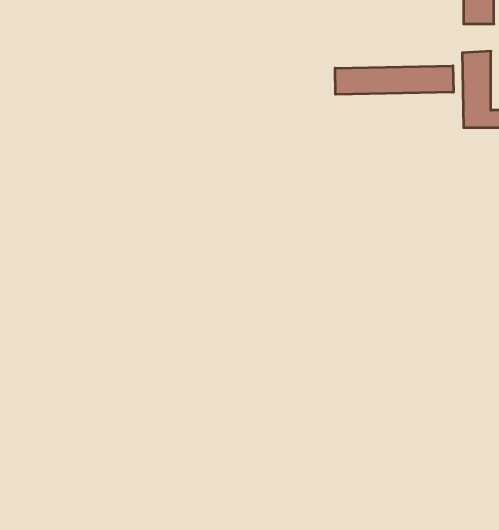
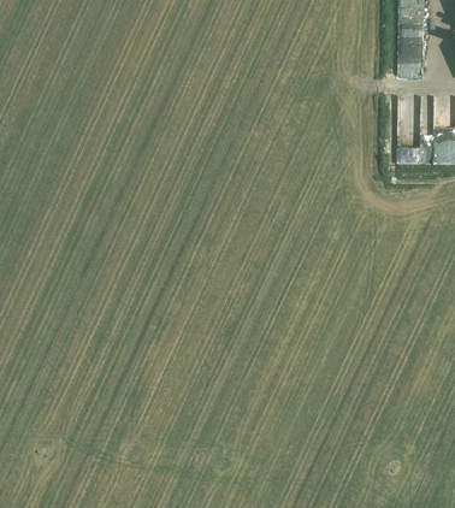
building: [335,66,453,94] -> none

